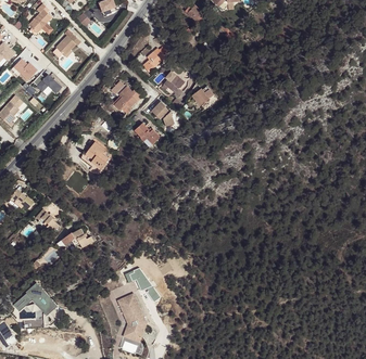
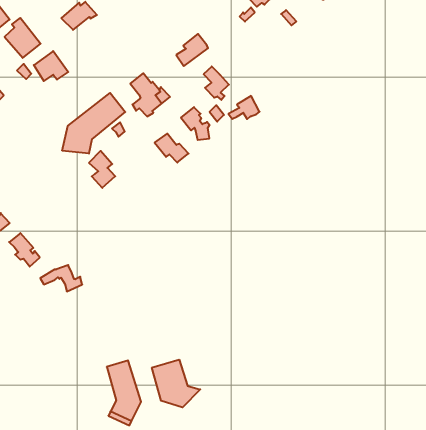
building: none -> [62,93,125,154]
building: none -> [152,360,200,407]

